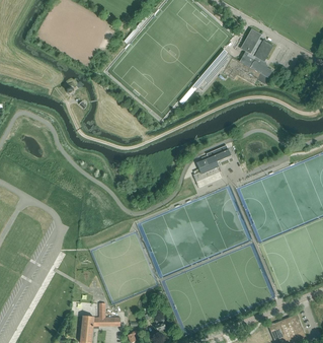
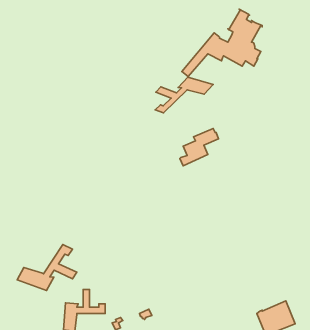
building: none -> [155,77,213,113]
building: none -> [17,245,77,291]

